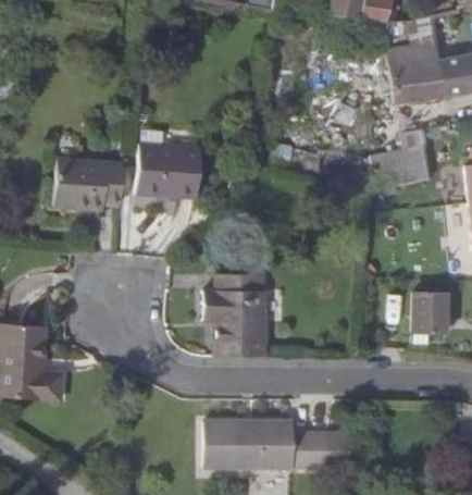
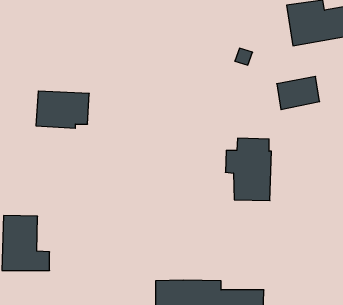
building: [137,147,199,198] -> none
building: [209,267,271,350] -> [225,138,271,201]
building: [412,287,447,327] -> none

